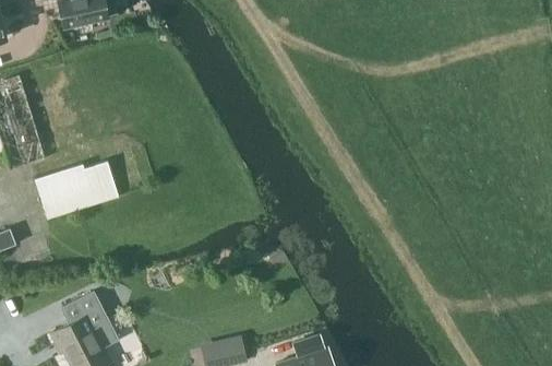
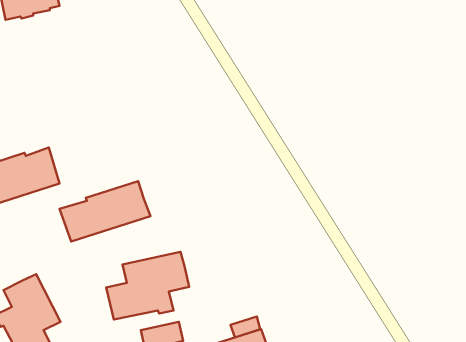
building: none -> [60,181,150,242]
building: none -> [106,252,189,320]

